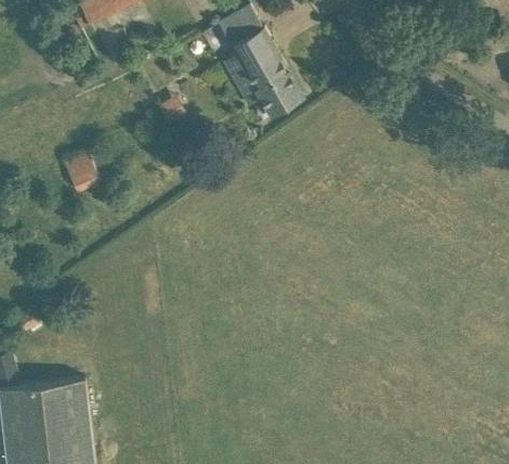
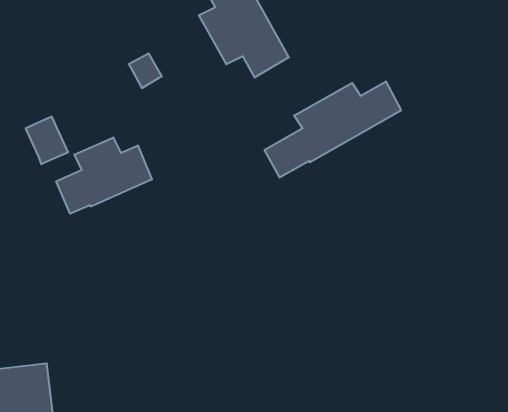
building: none -> [265,81,401,178]
building: none -> [56,137,152,214]

